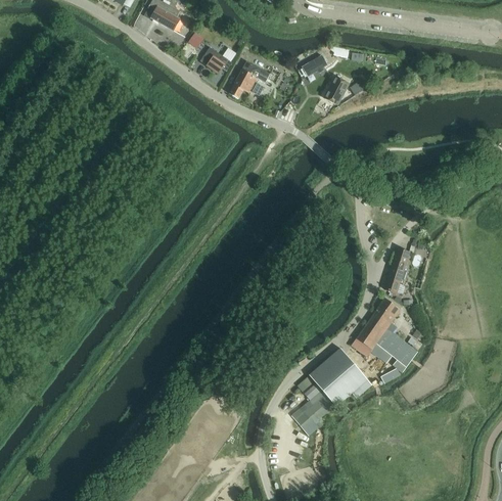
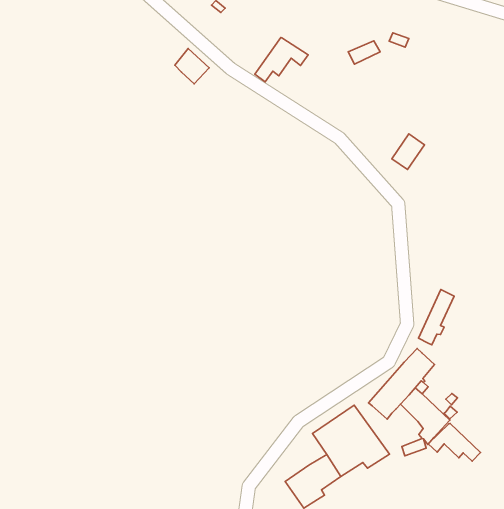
building: [200,47,228,75] -> [175,49,209,84]
building: [324,77,349,105] -> [392,134,424,170]
building: none -> [428,423,480,461]

